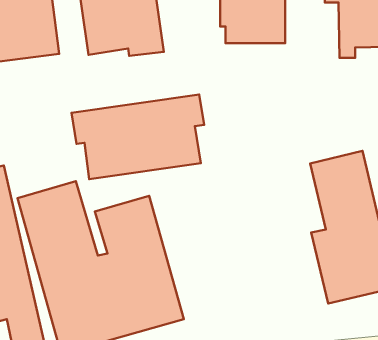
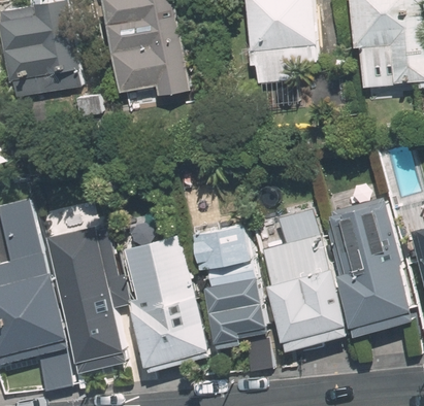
building: [71,95,204,179] -> none
building: none -> [261,205,351,353]
building: none -> [192,217,267,346]

